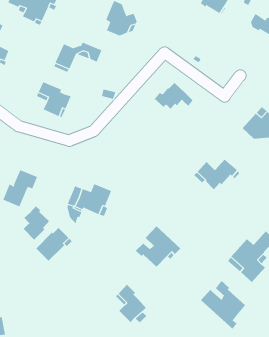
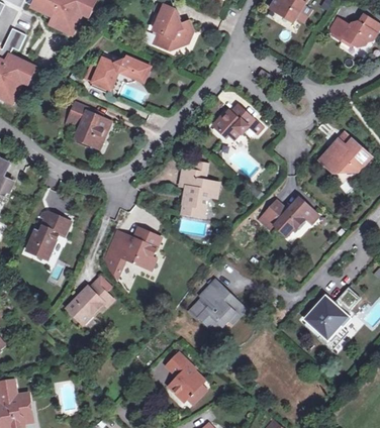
building: none -> [179,163,217,215]
building: [23,205,50,240] -> none
building: [200,280,246,330] -> none

